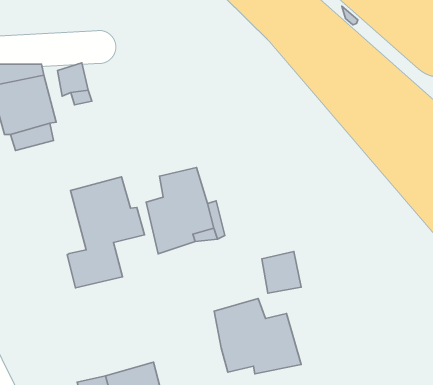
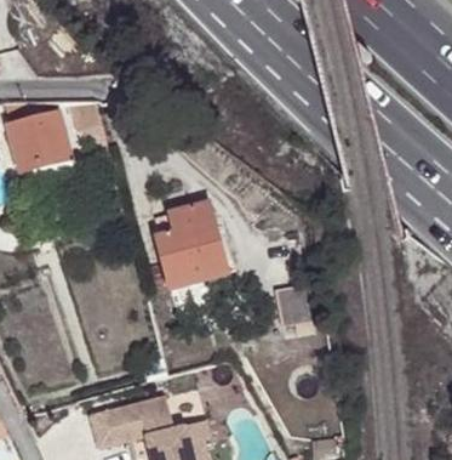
building: [67,177,145,288] -> none
building: [214,299,301,374] -> none

